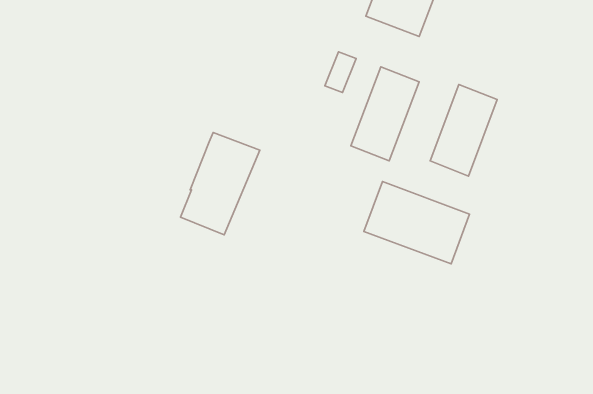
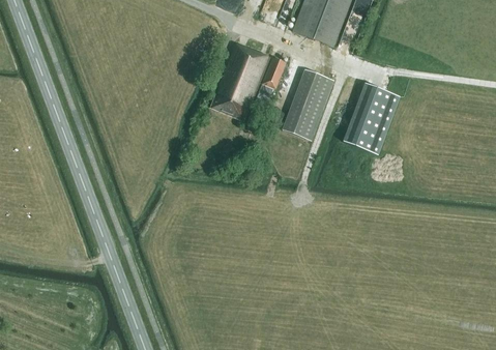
building: [180,132,260,235] -> [211,43,271,121]
building: [364,182,470,264] -> none

